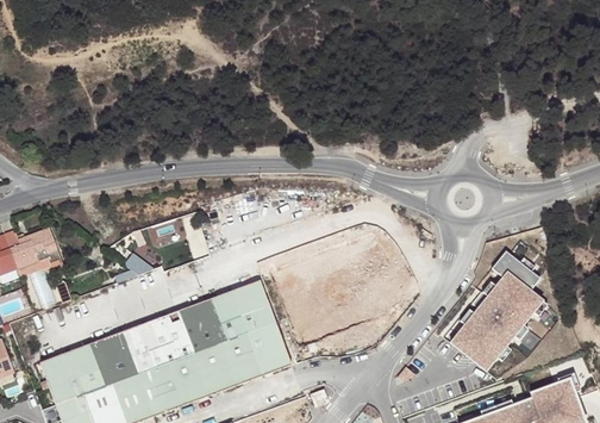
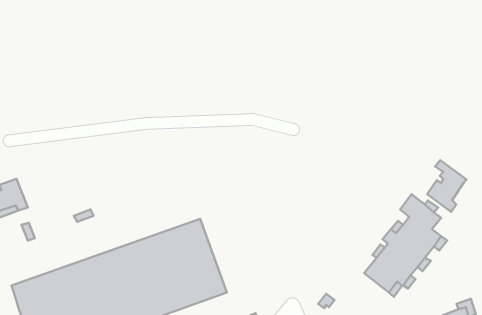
building: none -> [427,160,467,212]

